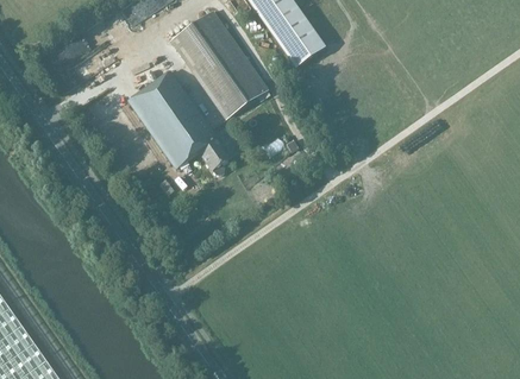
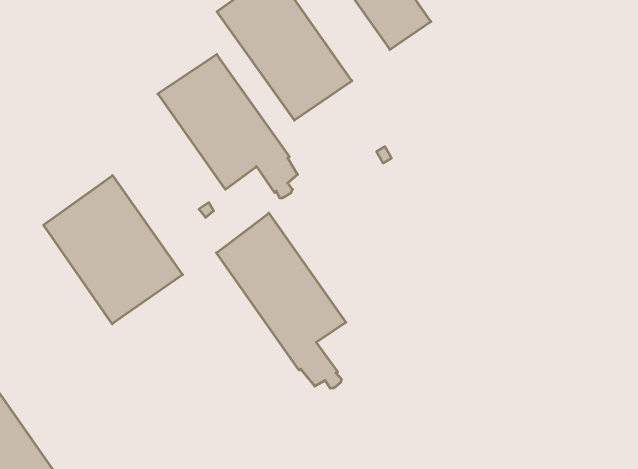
building: none -> [44,175,183,324]
building: none -> [216,213,346,388]

